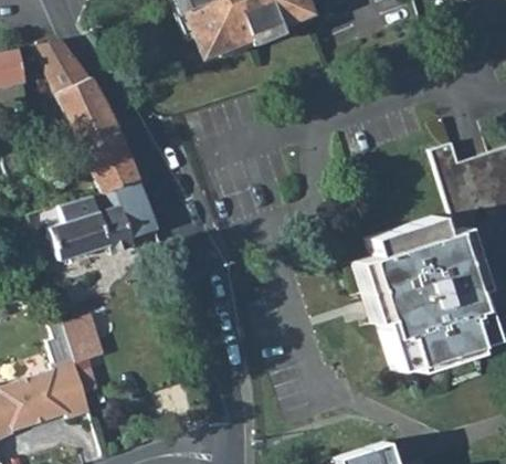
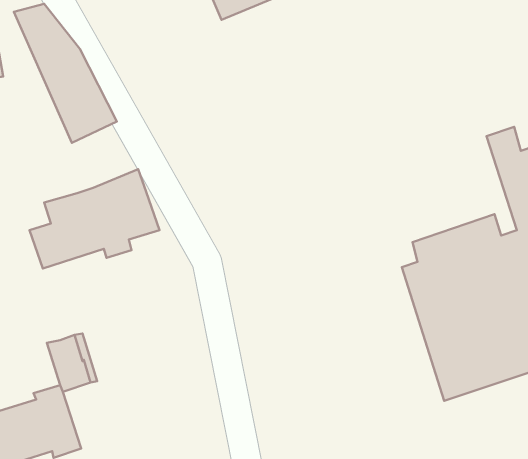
building: [84,138,139,193] -> none

